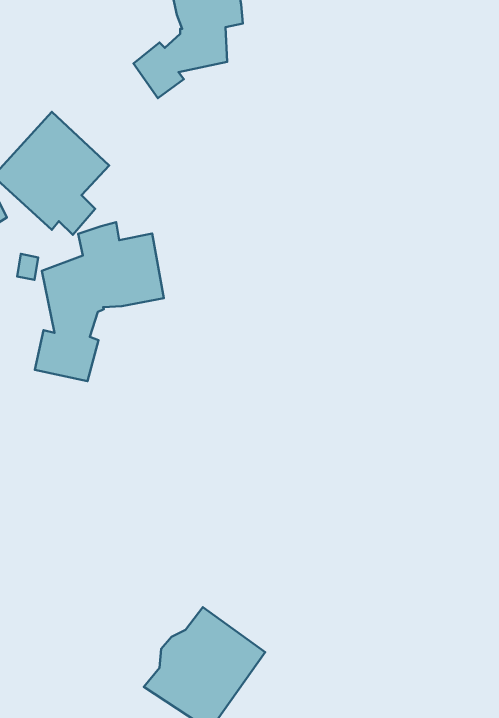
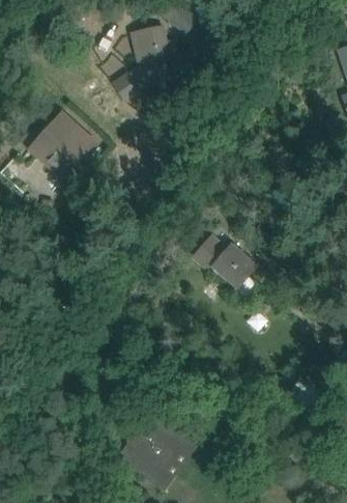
building: [35,222,164,381] -> none
building: none -> [192,233,258,302]

